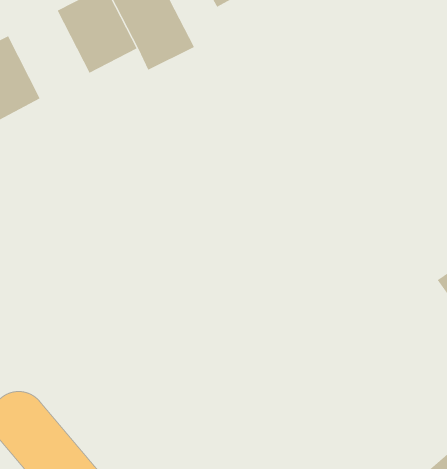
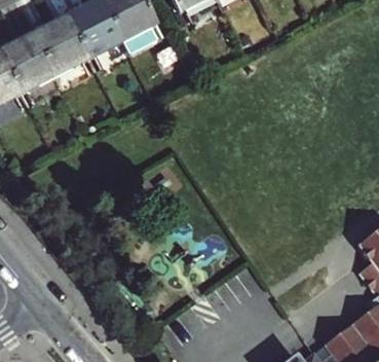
building: none -> [37,12,93,74]

